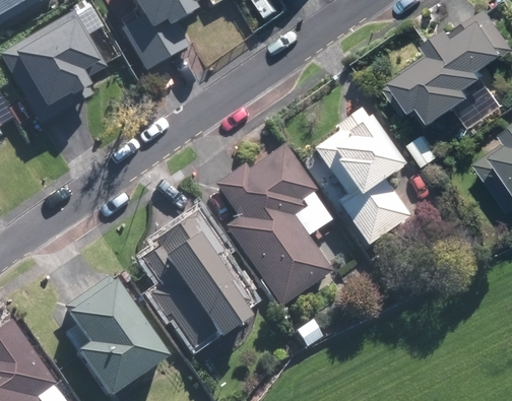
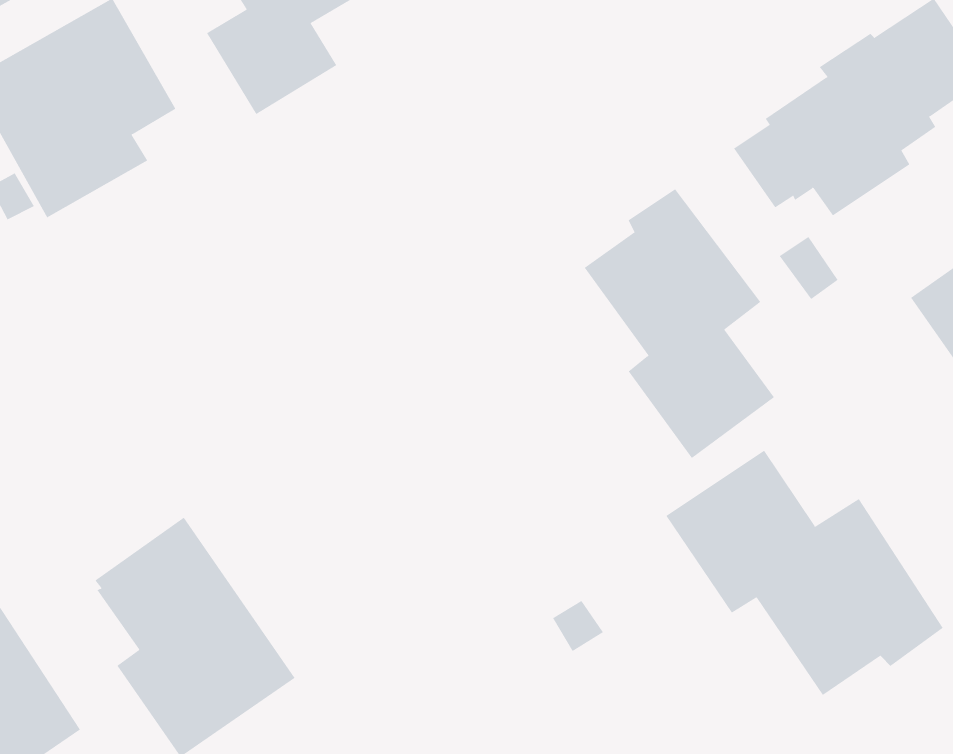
building: [214,142,333,305] -> none
building: [143,209,250,347] -> none
building: none -> [665,450,943,696]

